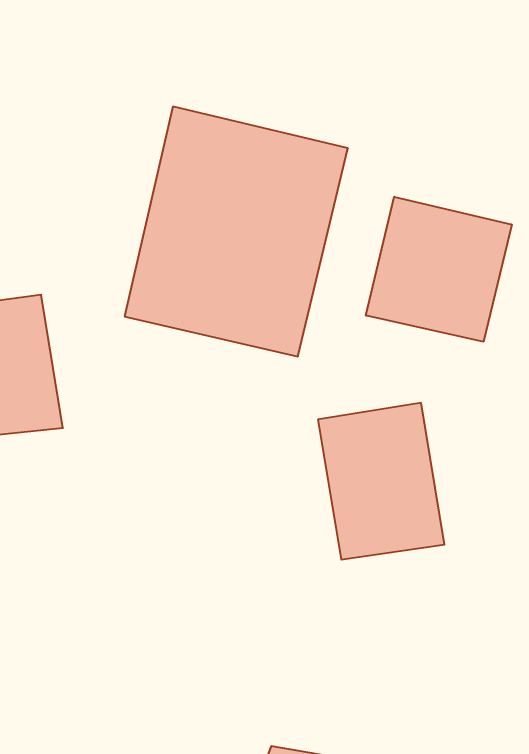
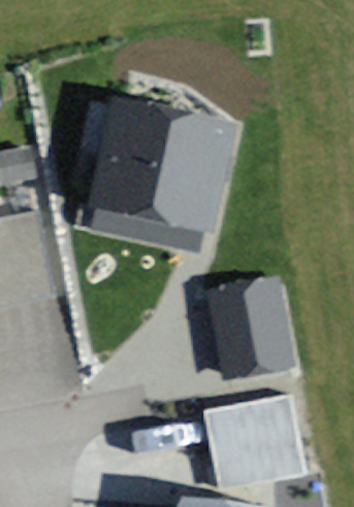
building: [366,197,512,342] -> none
building: none -> [206,399,302,489]

